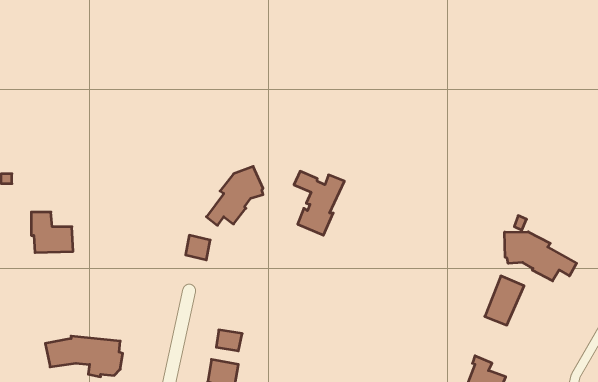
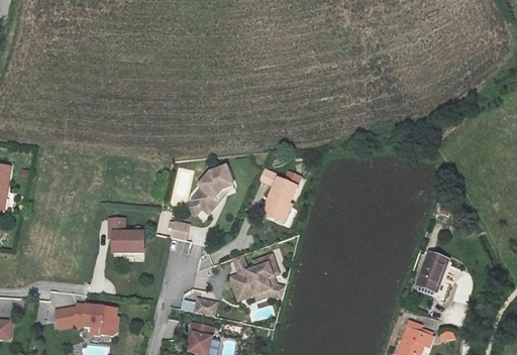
building: [31,212,73,253] -> [108,218,142,251]
building: [505,232,577,281] -> none
building: none -> [230,253,285,299]

